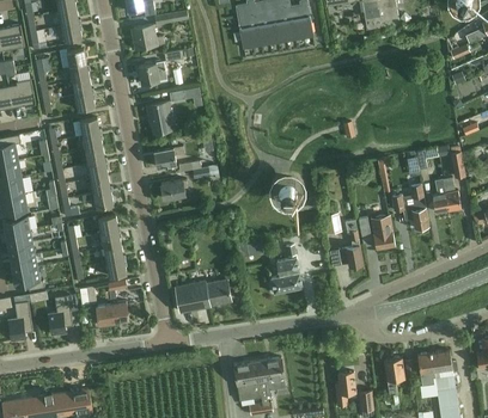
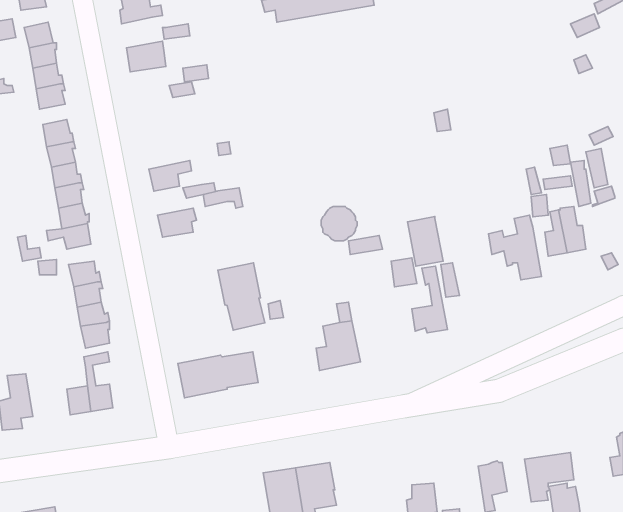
building: [145,104,170,135] -> none
building: [370,216,395,251] -> [407,217,443,266]
building: none -> [218,263,265,330]

